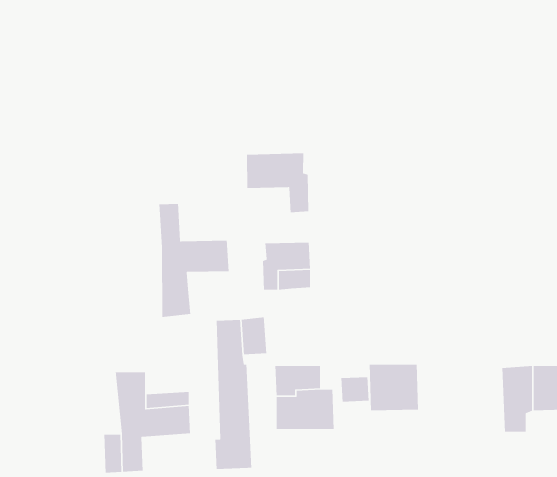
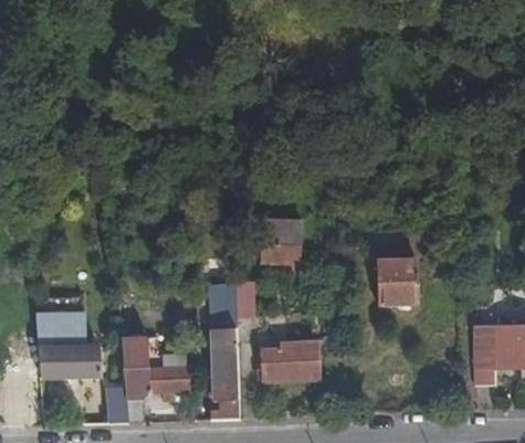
building: [246,153,309,213] -> none
building: [158,203,229,318] -> none
building: none -> [36,317,101,377]
building: [369,364,419,411] -> [376,265,420,307]

